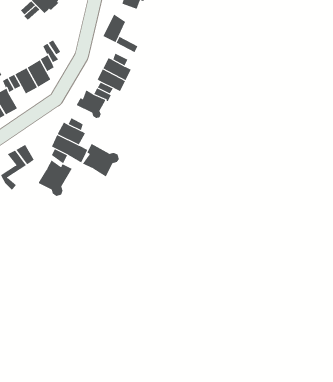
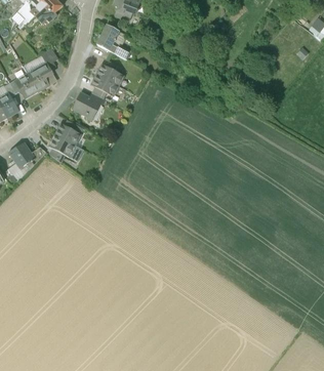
building: [82,143,120,177] -> none
building: [38,159,72,197] -> none

